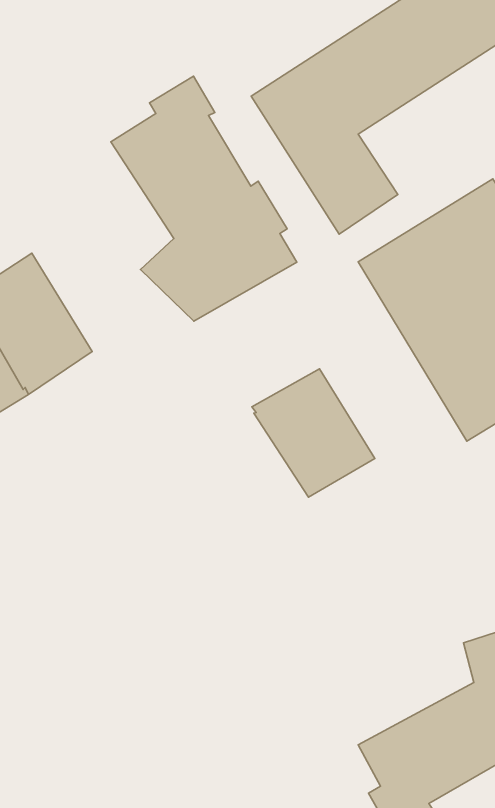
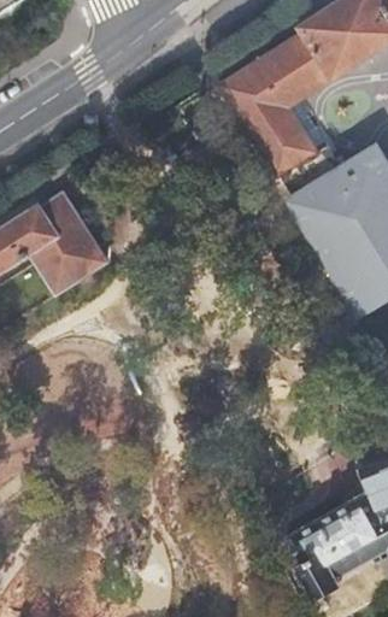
building: [111,76,297,321] -> none
building: [252,369,375,497] -> none

